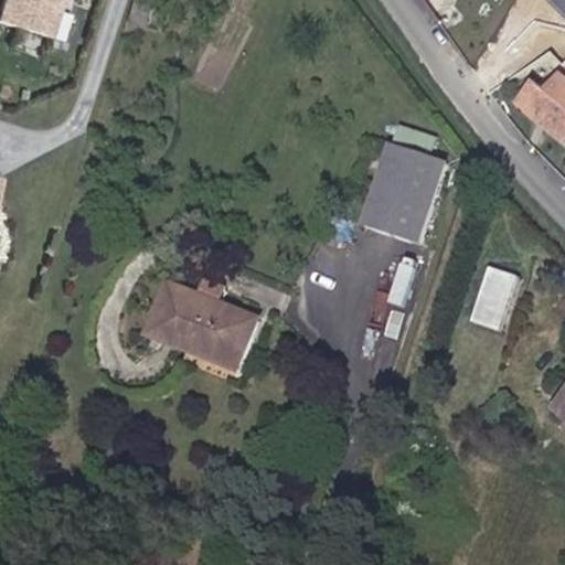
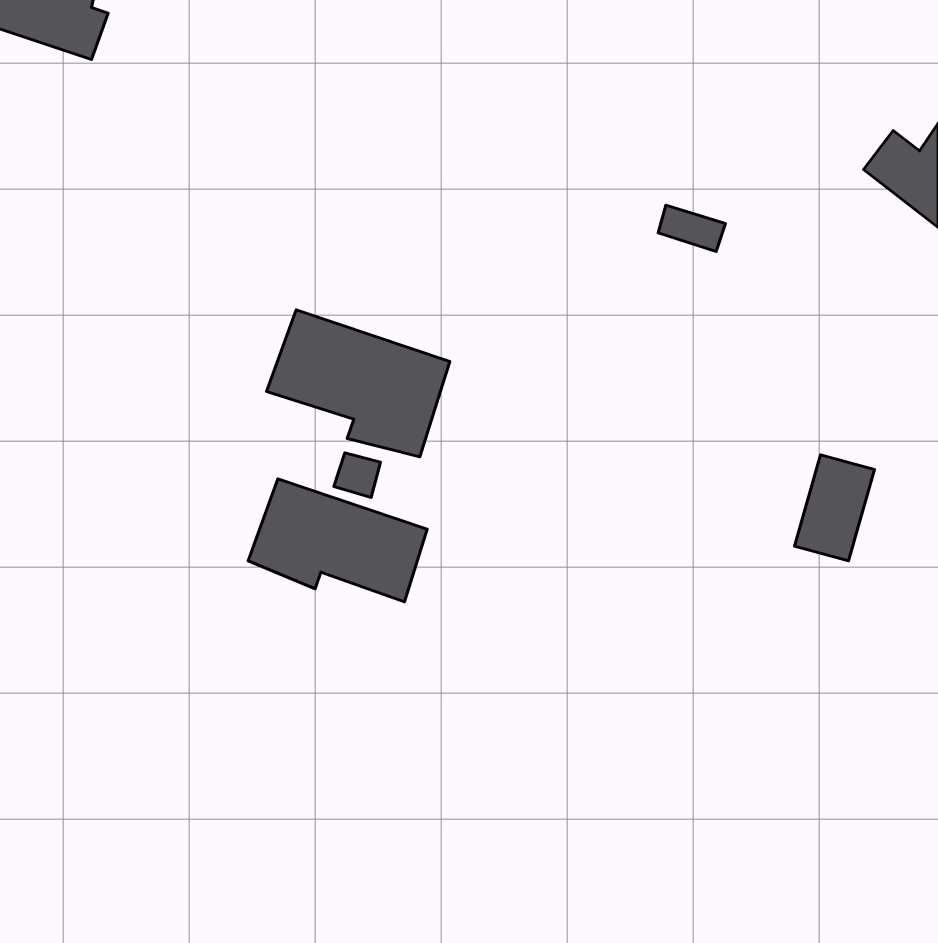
building: [362,142,445,241] -> none
building: none -> [266,310,450,457]

